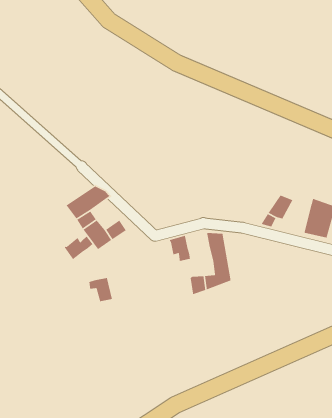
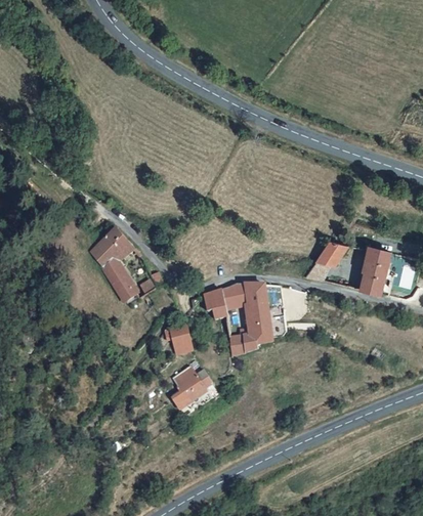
building: none -> [222,284,249,301]
building: [64,236,93,260] -> none
building: [89,277,113,302] -> [165,324,193,352]
building: none -> [172,368,215,402]

